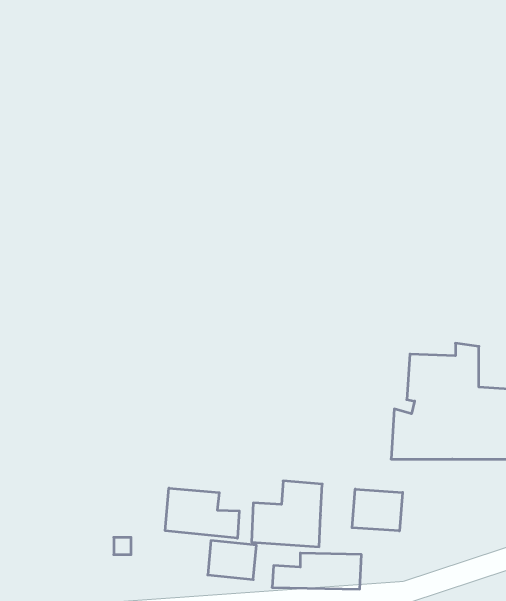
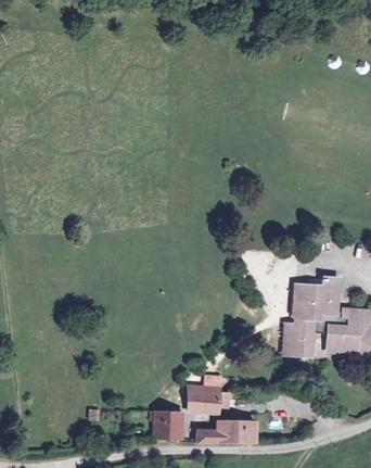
building: [165,488,239,538] -> none
building: [352,489,403,531] -> none

